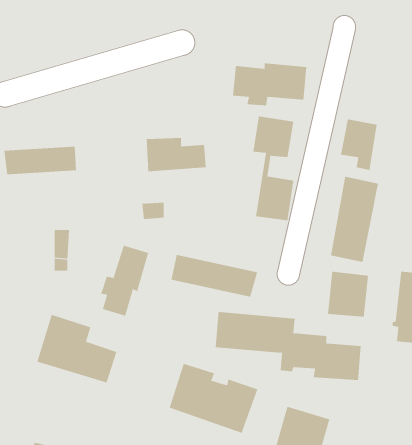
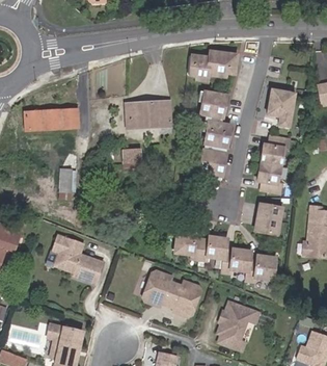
building: [101,245,149,316] -> none
building: [171,254,258,298] -> none

